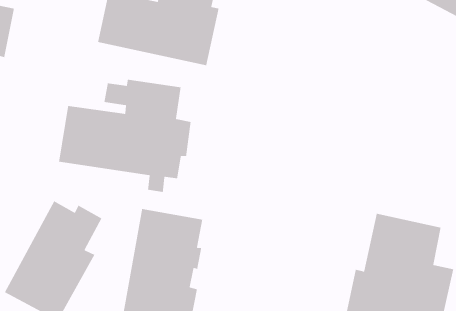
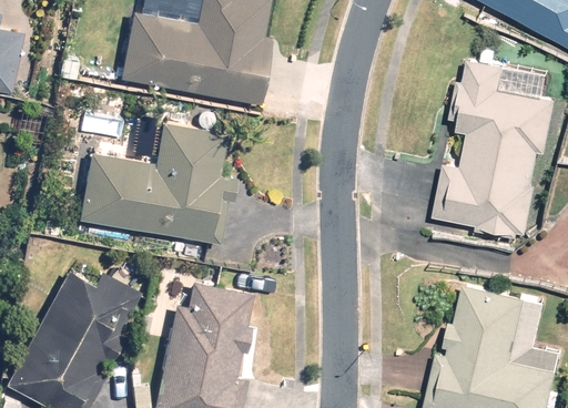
building: none -> [438,51,557,236]

